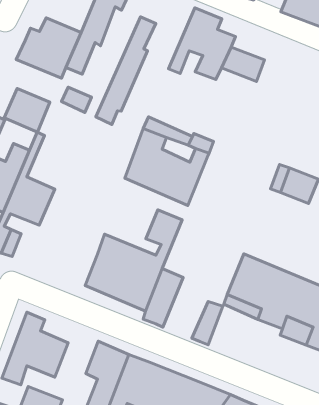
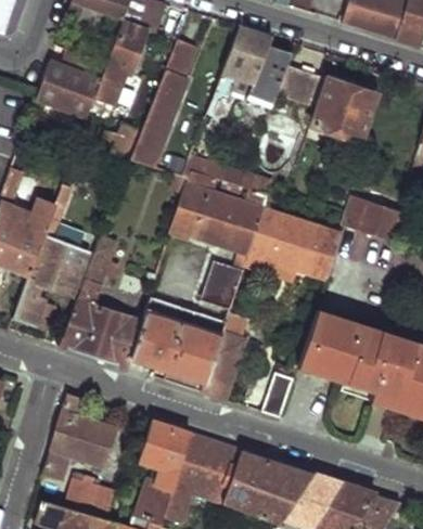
building: none -> [310,79,374,140]
building: [4,89,50,132] -> none
building: none -> [247,196,341,284]
building: none -> [61,238,145,367]

